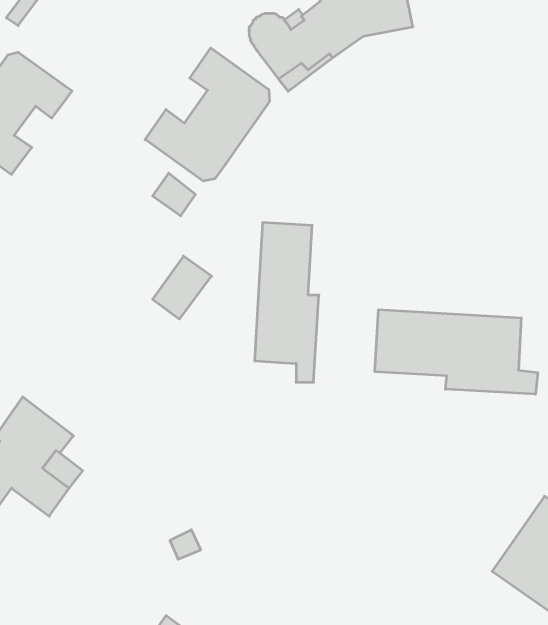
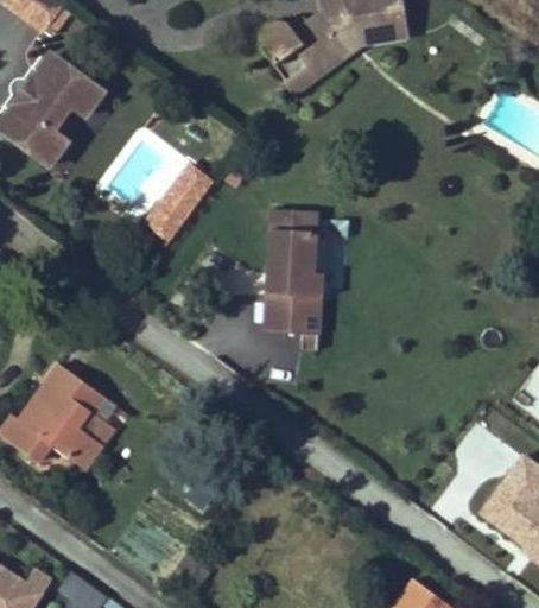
building: [145,48,270,181] -> none
building: [153,256,212,319] -> [147,184,199,240]
building: [375,310,538,394] -> none

